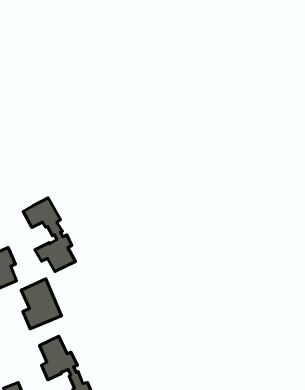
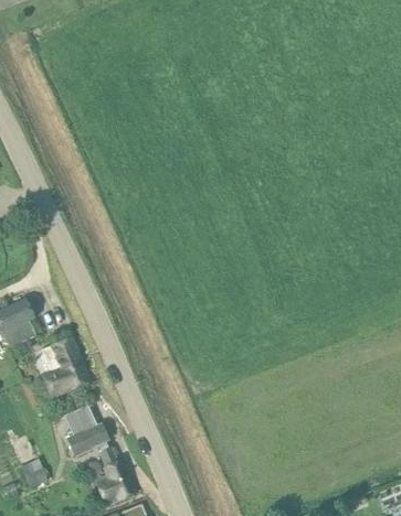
building: [23,198,75,272] -> none

